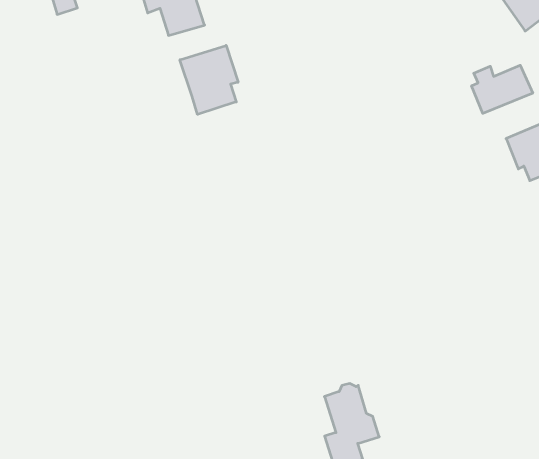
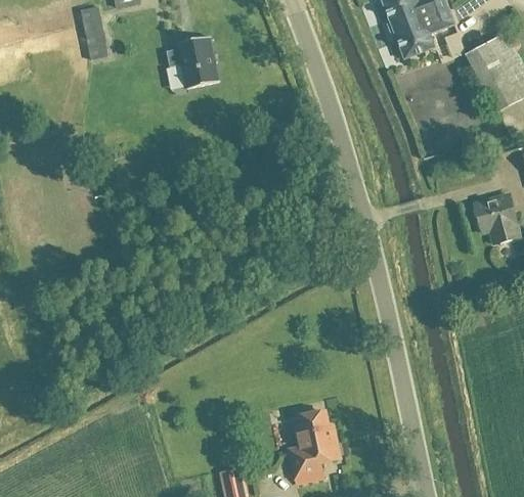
building: [180,45,238,114] -> none
building: [472,65,533,113] -> none

